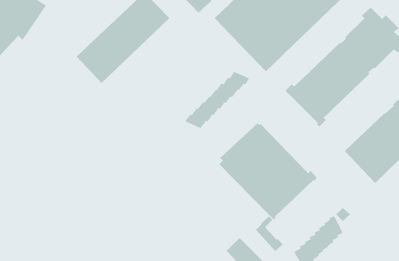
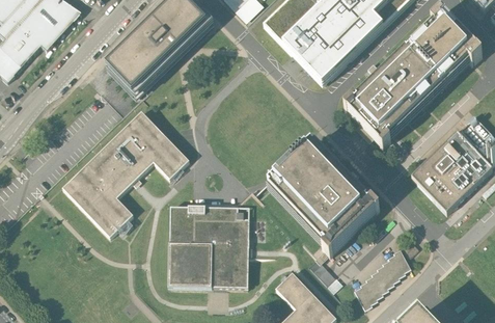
building: [185,71,250,129] -> none
building: none -> [63,111,190,237]
building: none -> [169,207,249,288]

